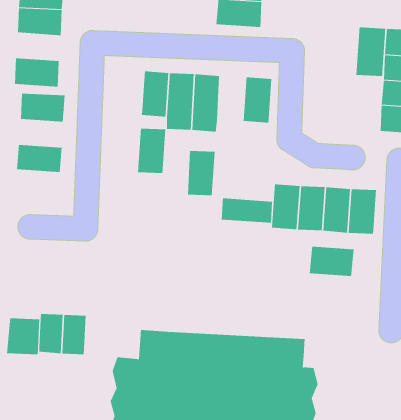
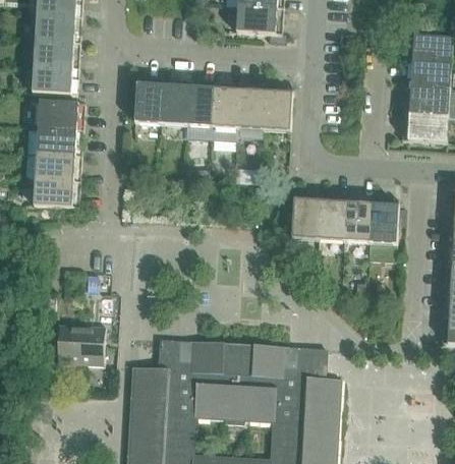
building: [356,27,386,77] -> none
building: none -> [33,41,79,69]
building: none -> [36,128,81,157]
building: [137,128,166,174] -> [133,78,163,124]
building: [187,150,216,196] -> [237,84,266,130]
building: none -> [33,179,78,209]
building: [221,198,273,224] -> none
building: [309,246,354,277] -> none
building: [7,317,40,355] -> none

